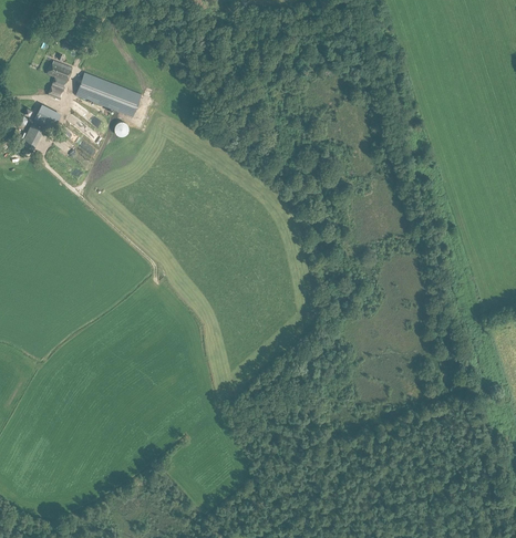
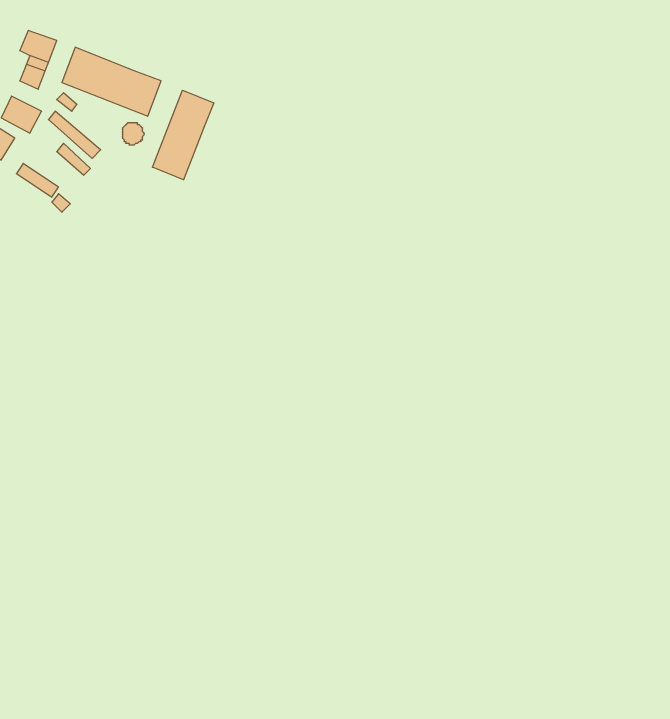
building: none -> [152,90,214,180]

